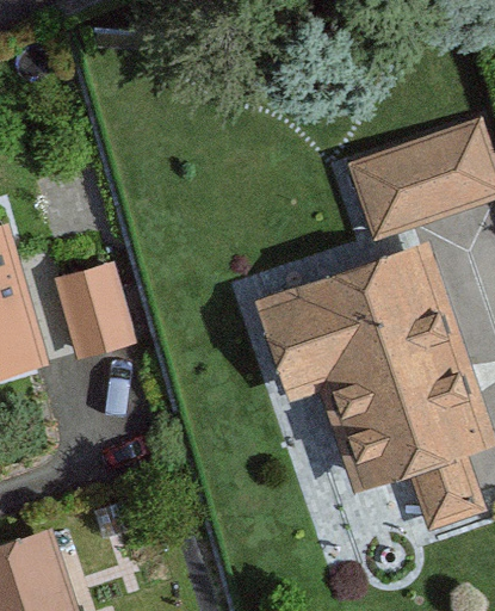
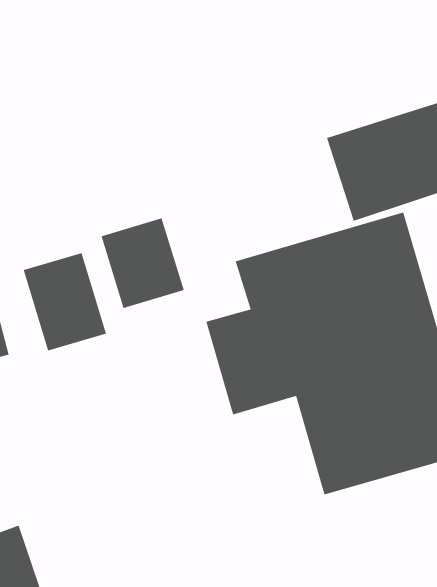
building: none -> [101,217,184,309]

